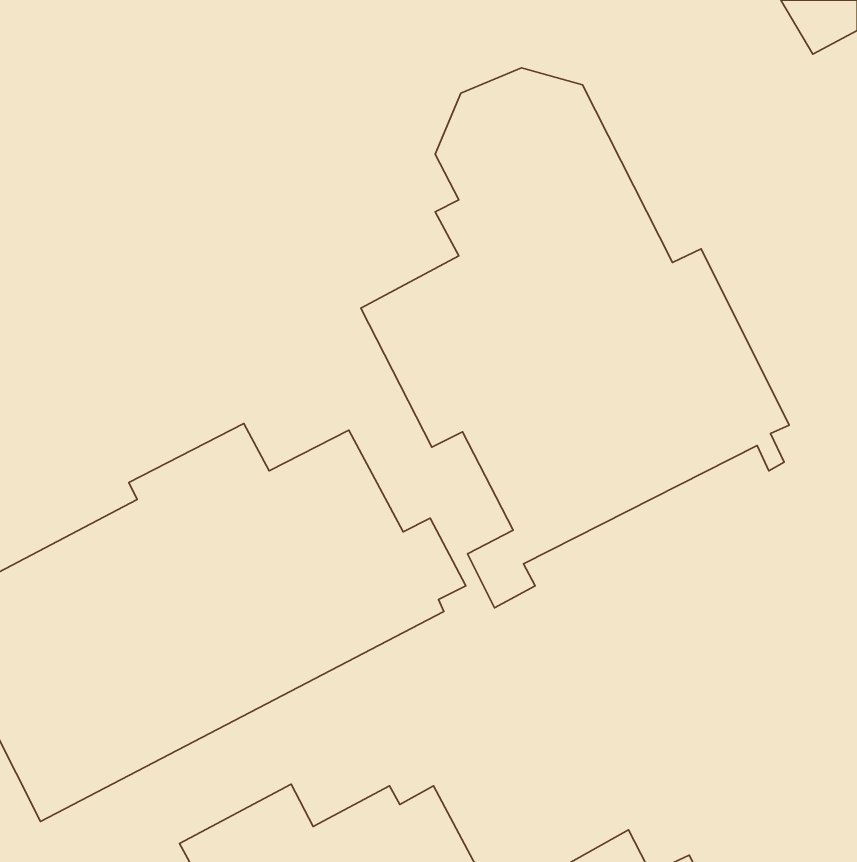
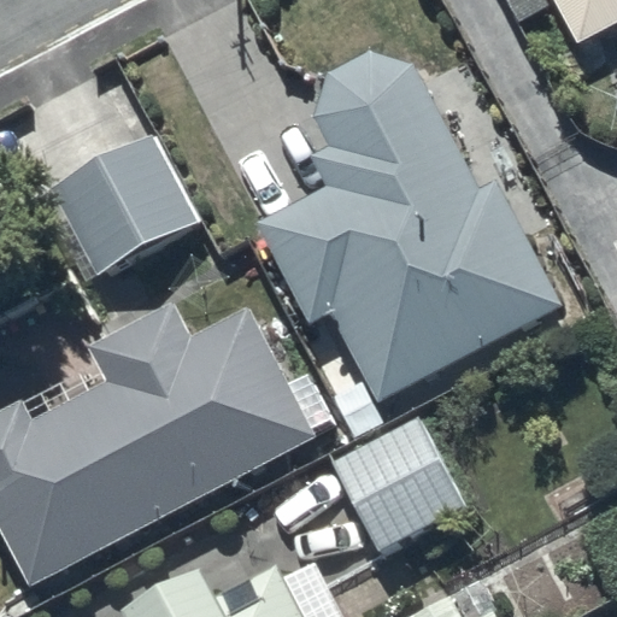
building: none -> [49,134,198,274]
building: none -> [330,416,463,547]

